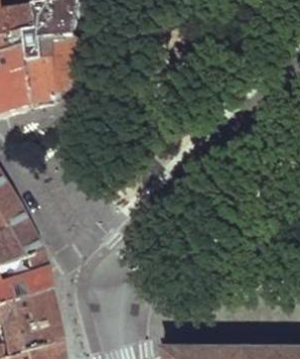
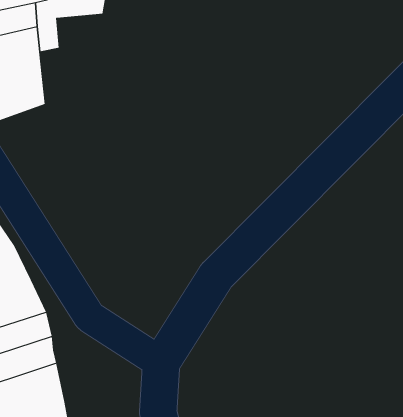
building: [31,34,79,100] -> none

